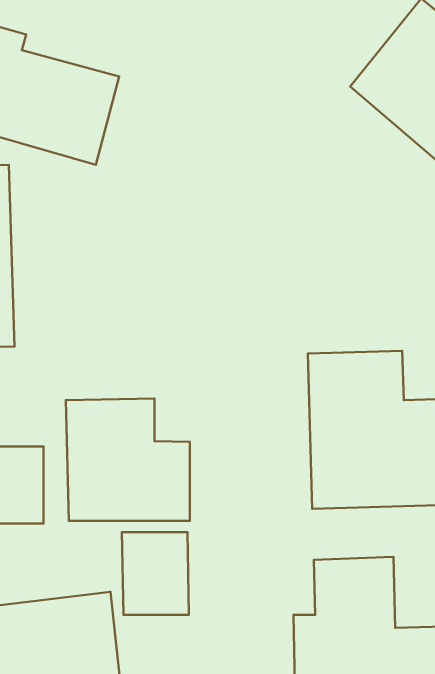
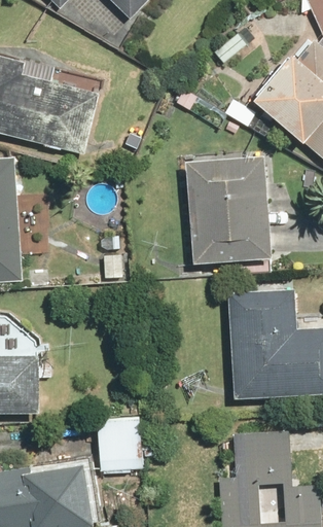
building: none -> [188,161,273,264]
building: [66,399,190,521] -> none

